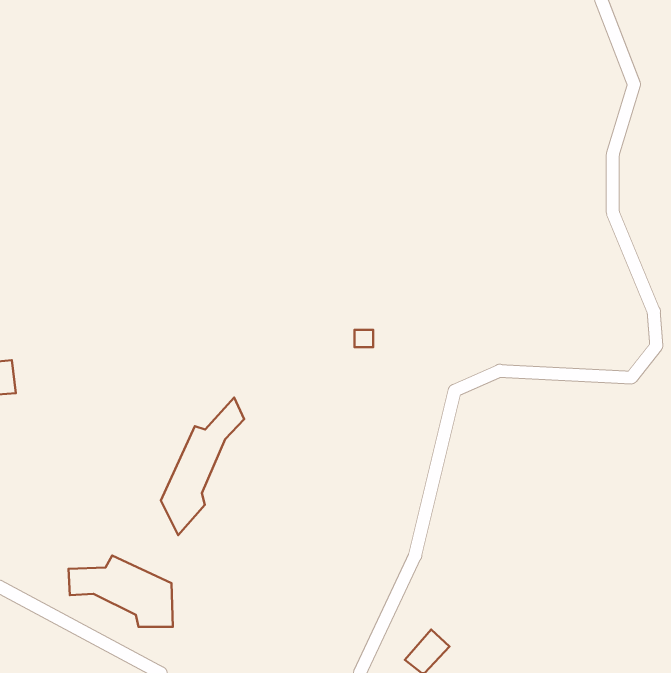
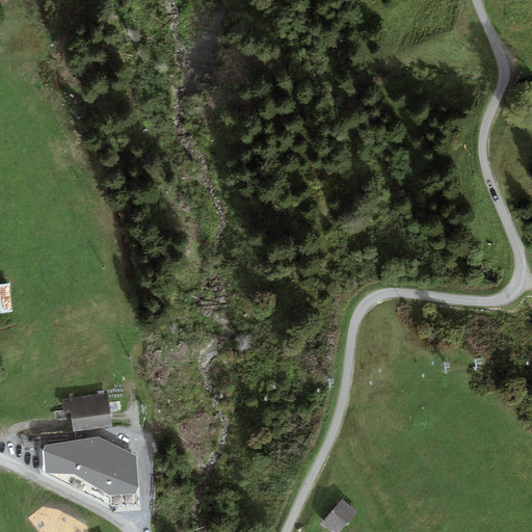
building: [161,398,244,535] -> none
building: none -> [65,395,108,428]

